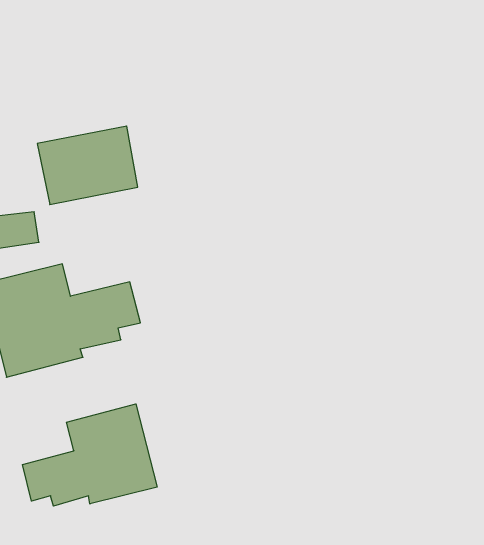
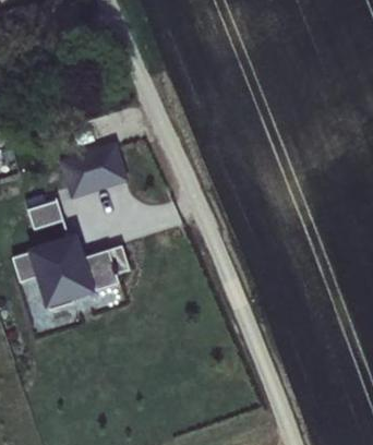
building: [22,404,157,506] -> none

